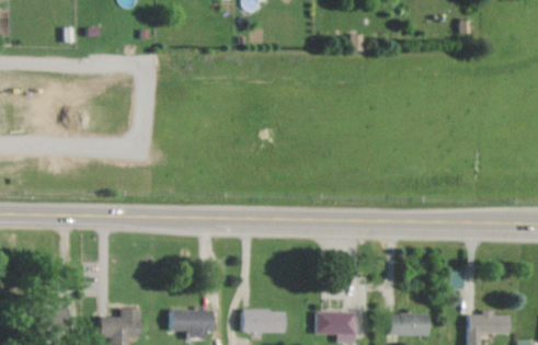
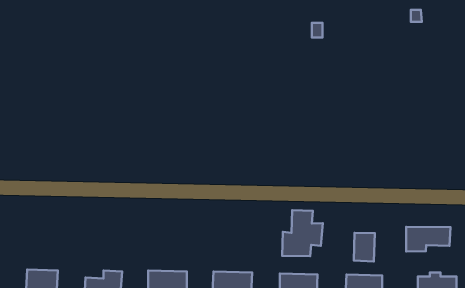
building: none -> [282,210,323,256]
building: none -> [406,227,450,252]
building: none -> [354,233,375,261]

